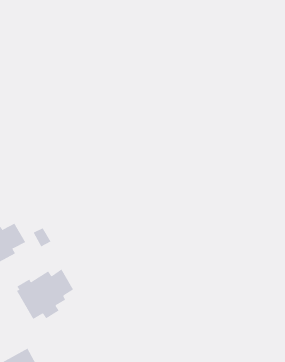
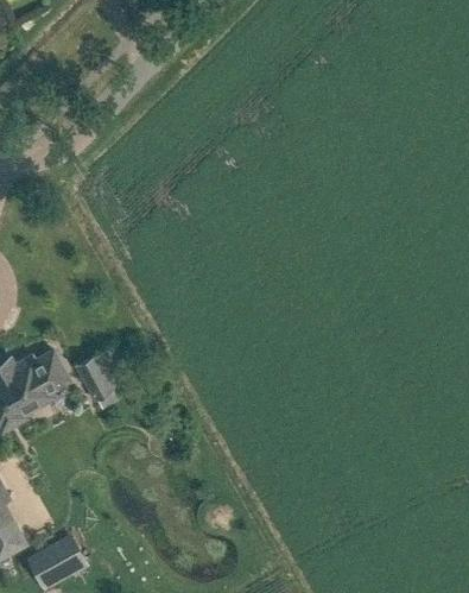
building: [16,268,74,320] -> none

